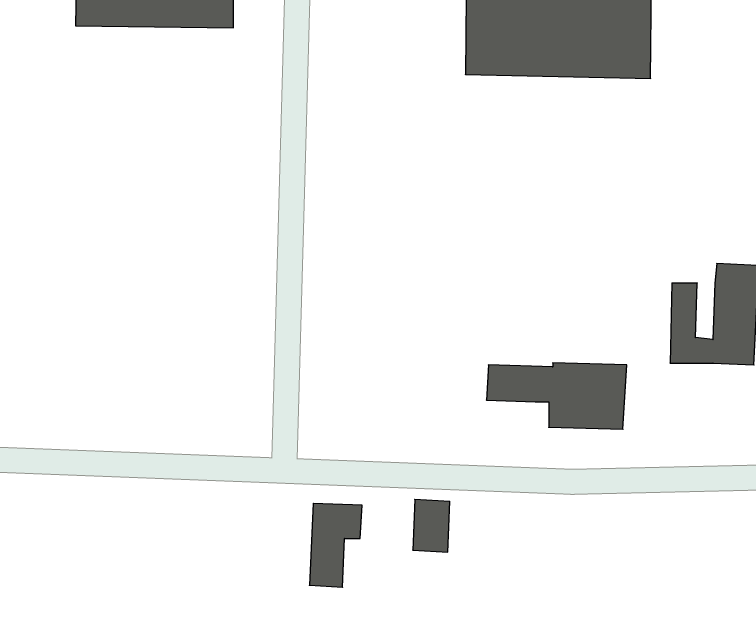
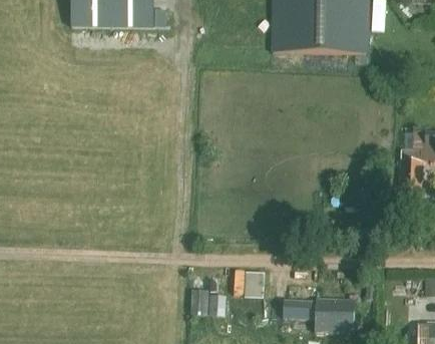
building: [486,363,627,429] -> [283,298,355,332]

